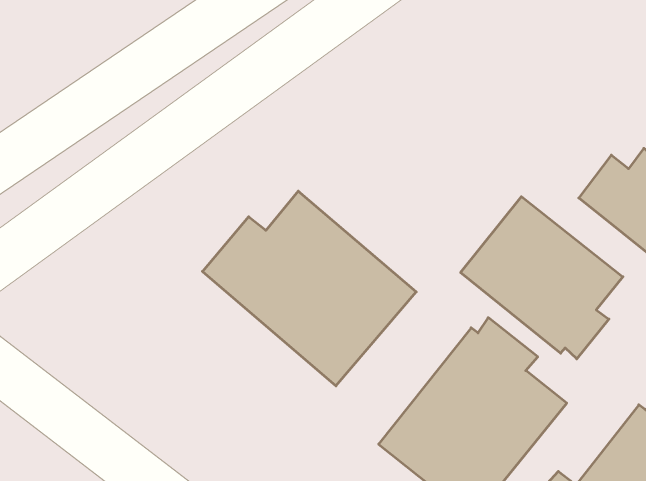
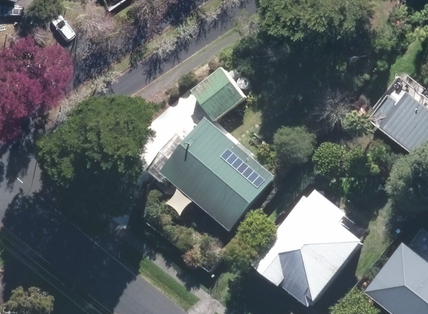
building: none -> [195,69,249,122]
building: [461,197,623,359] -> none

